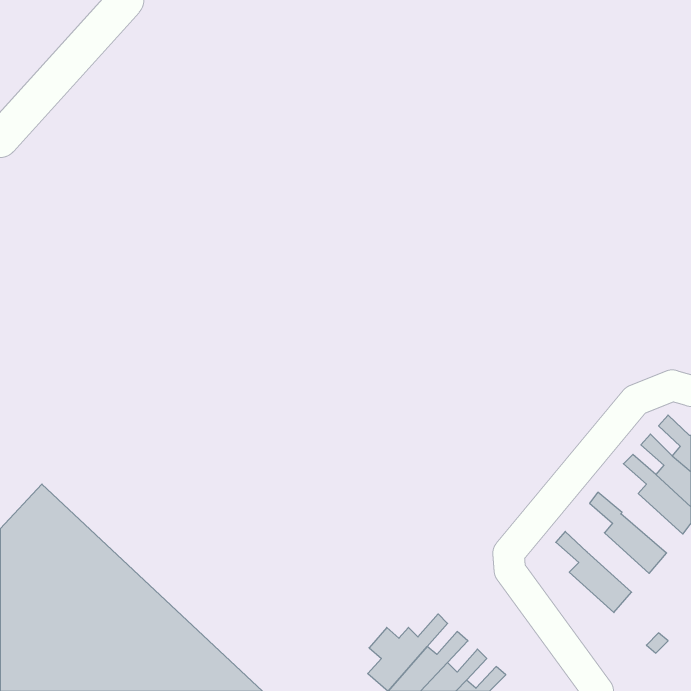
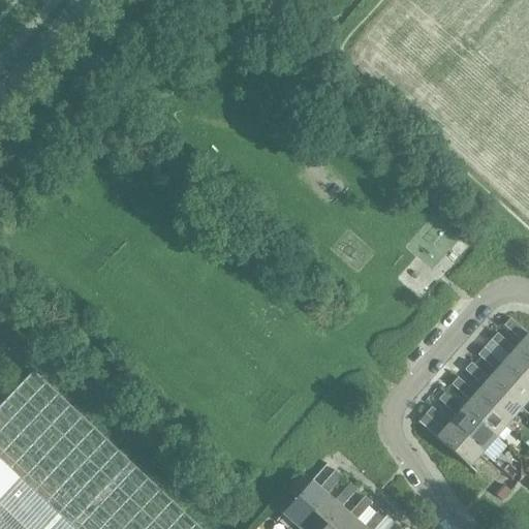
building: none -> [464,362,522,423]
building: none -> [437,392,496,453]

